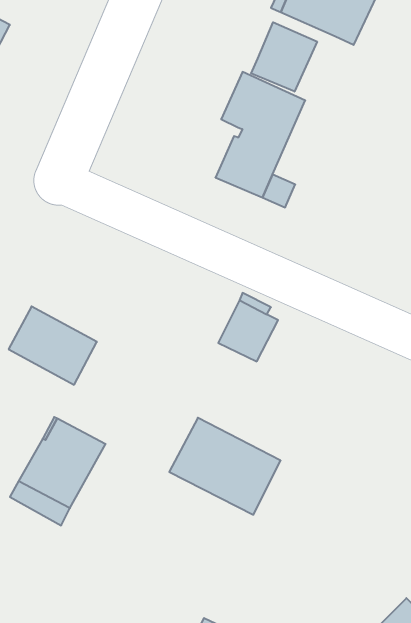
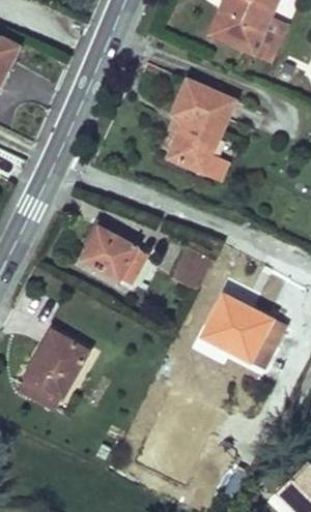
building: [251,22,317,92] -> none
building: [9,306,97,385] -> [82,227,146,283]
building: [169,418,281,515] -> [203,295,284,365]

